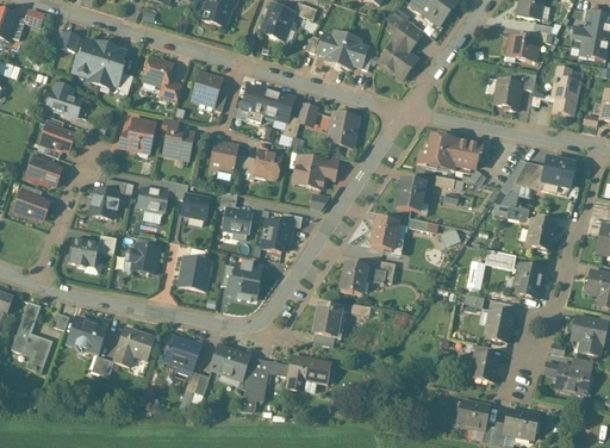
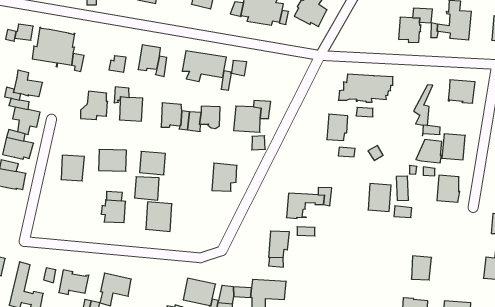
building: [143,58,172,87] -> none
building: [326,112,357,148] -> none
building: [512,161,544,189] -> [416,140,442,163]
building: [222,204,253,234] -> [135,177,159,200]
building: [369,219,398,250] -> none
building: [67,232,116,268] -> none
building: [226,263,261,301] -> none
building: [484,310,513,344] -> [368,184,391,211]
building: [162,335,200,367] -> none

